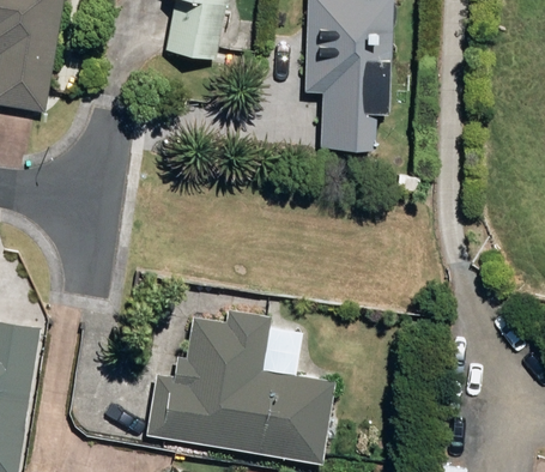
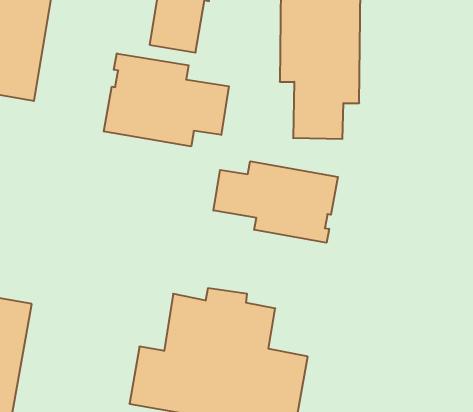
building: none -> [104,53,229,146]
building: none -> [213,161,338,243]

